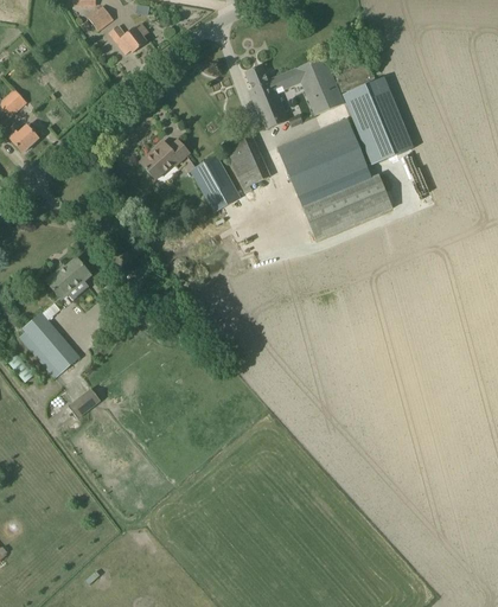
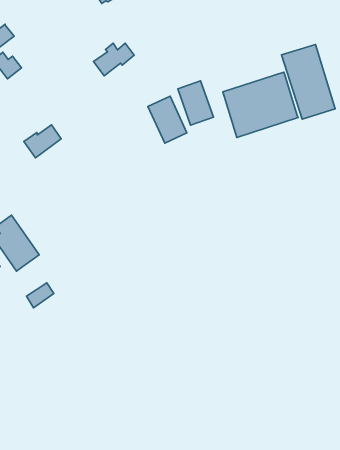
building: [245,56,344,129] -> none
building: [141,139,189,179] -> [93,43,134,76]
building: [301,173,392,239] -> none
building: [45,257,89,298] -> [24,125,61,158]

